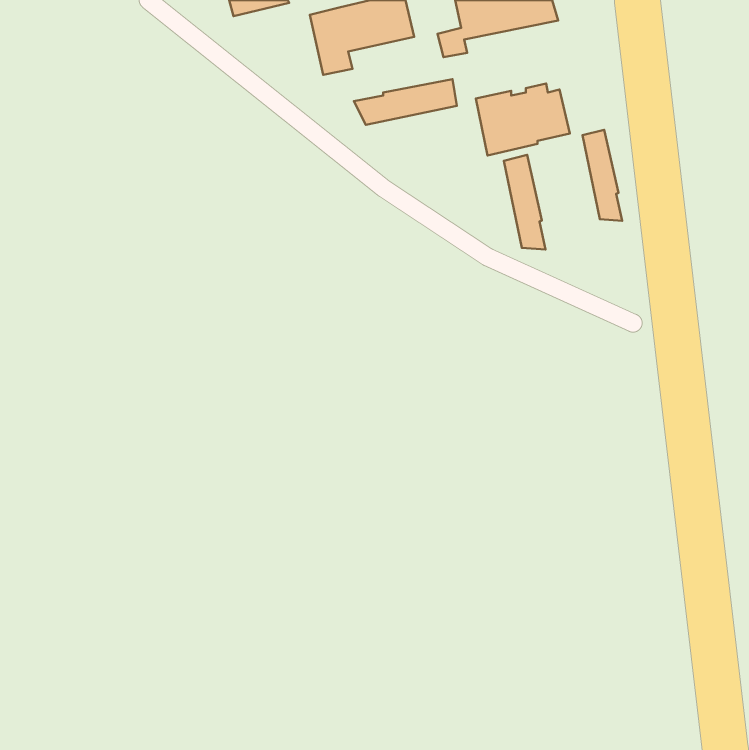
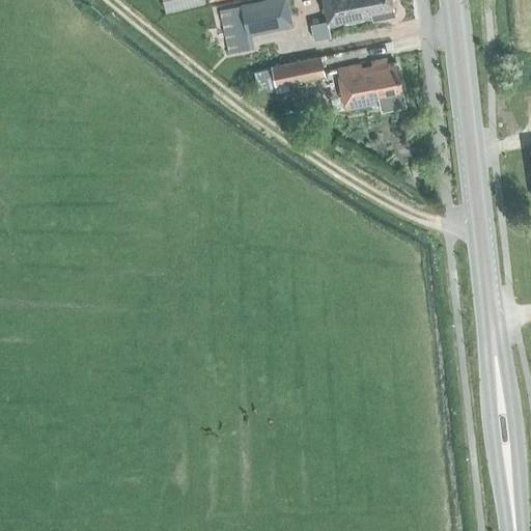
building: [582,130,622,221] -> none
building: [504,155,546,249] -> none

